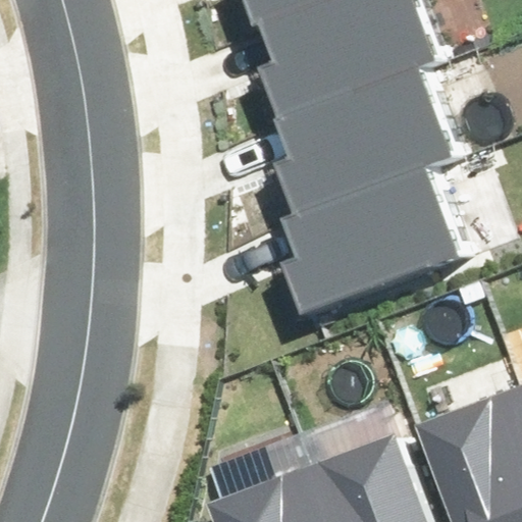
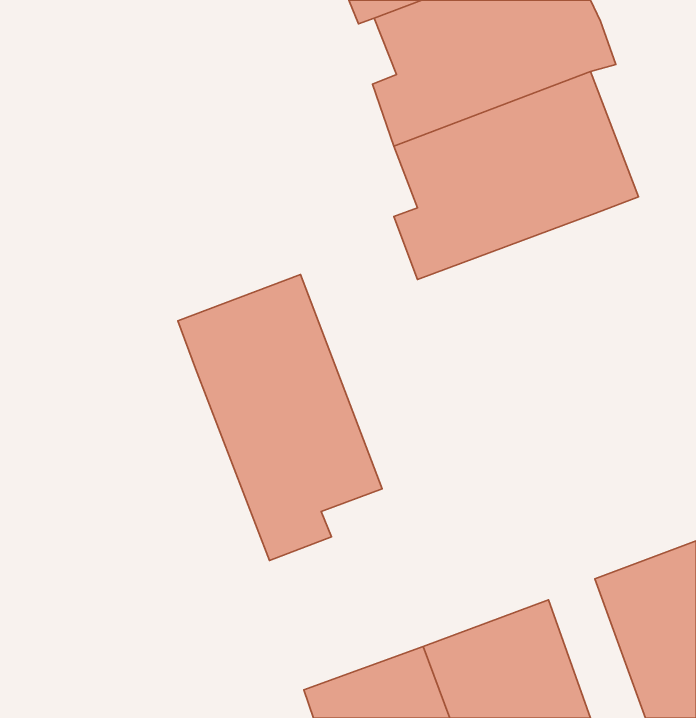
building: [290,155,465,302] -> none
building: none -> [178,275,382,561]

